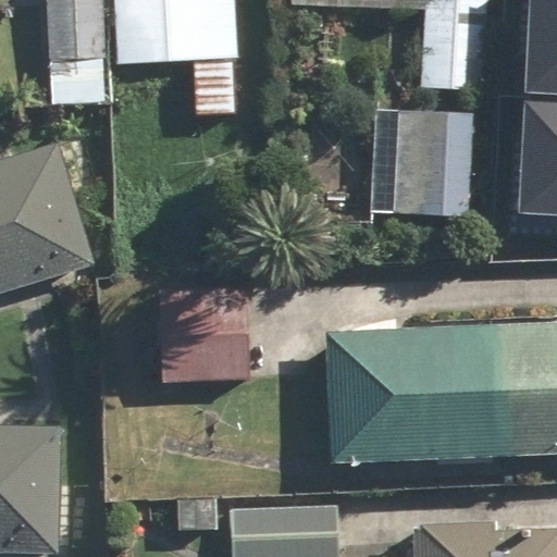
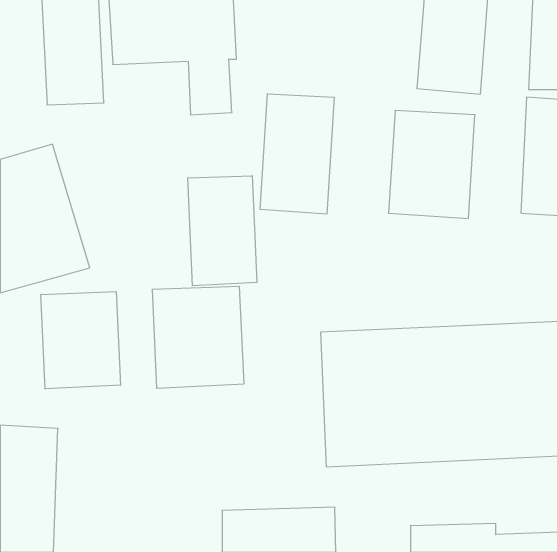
building: none -> [260,94,334,214]
building: none -> [188,176,257,286]
building: none -> [41,292,120,389]

